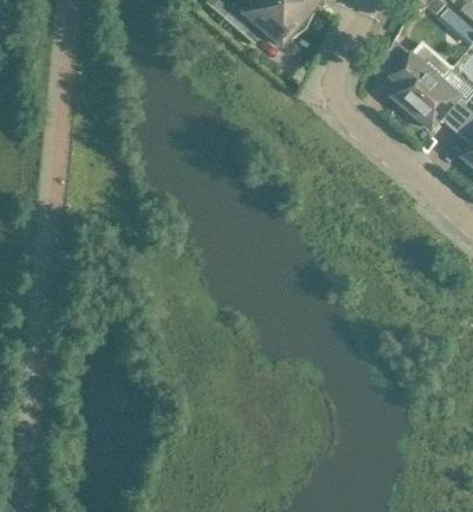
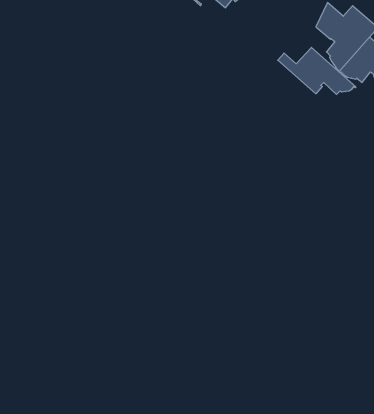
building: none -> [278,47,356,94]

